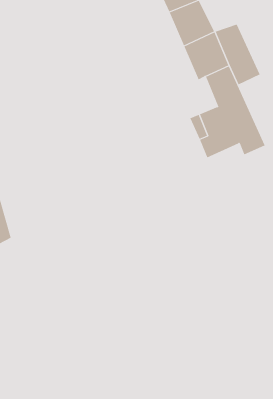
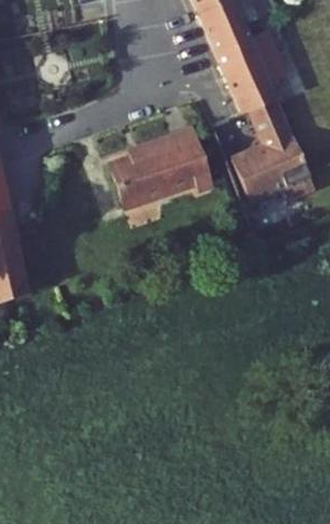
building: none -> [107,116,207,201]

